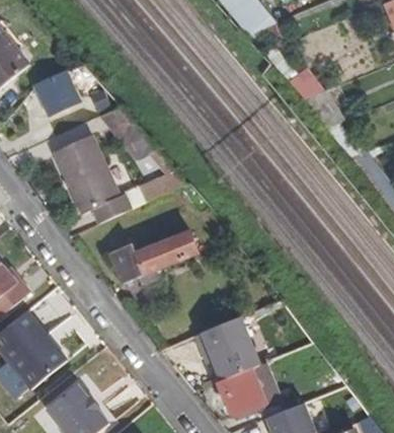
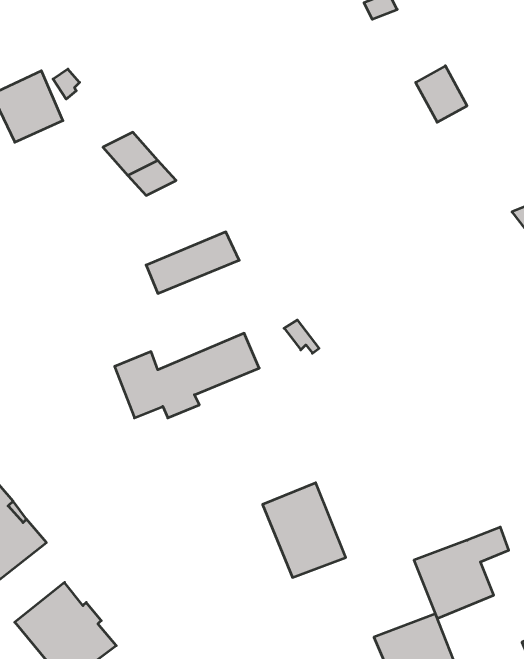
building: [55,133,132,222] -> none
building: [217,360,274,416] -> [414,527,509,618]

